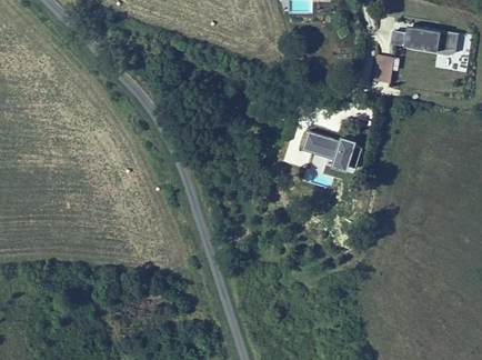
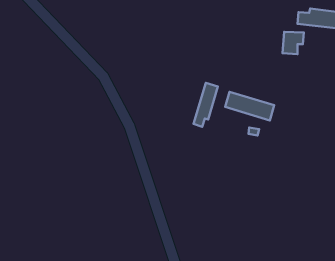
building: none -> [193,83,218,127]

